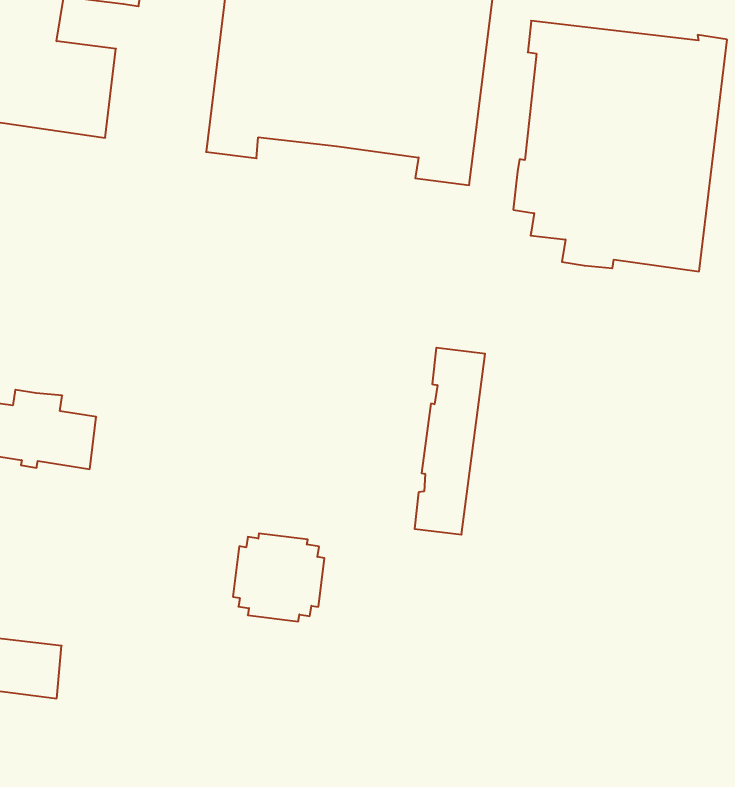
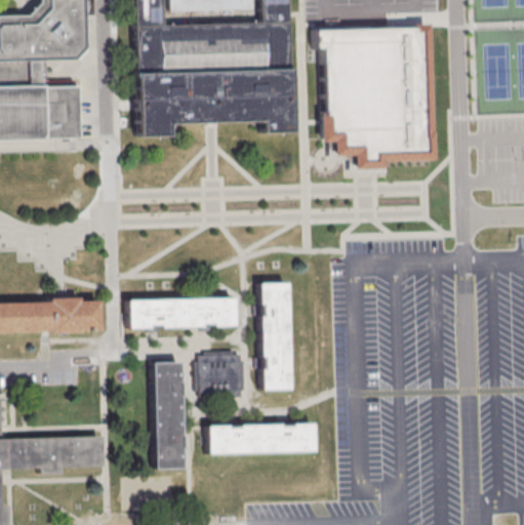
building: [415,348,485,535] -> [258,282,290,390]
building: none -> [129,297,236,331]
building: none -> [154,360,186,470]
building: none -> [207,422,317,453]

